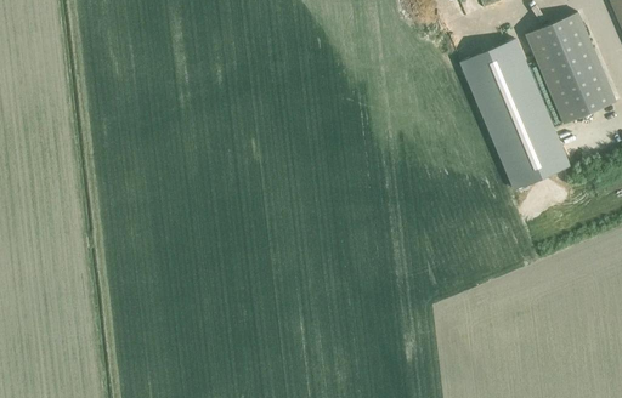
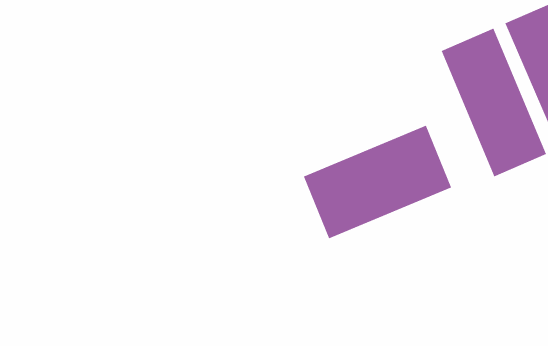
building: none -> [303,125,452,239]

